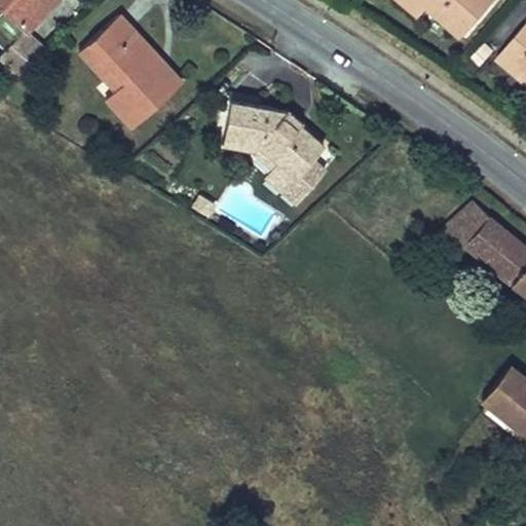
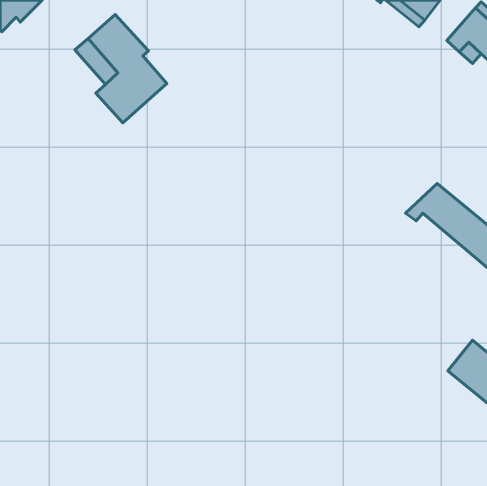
building: [224,103,327,202] -> none

